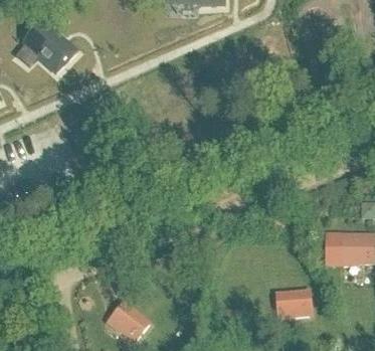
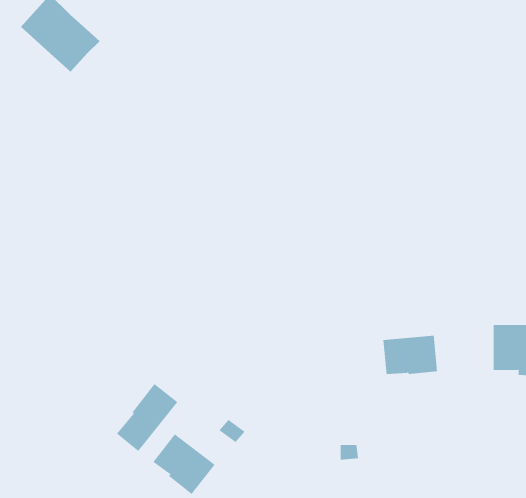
building: none -> [116,383,178,452]
building: [275,291,311,316] -> [383,335,438,375]

